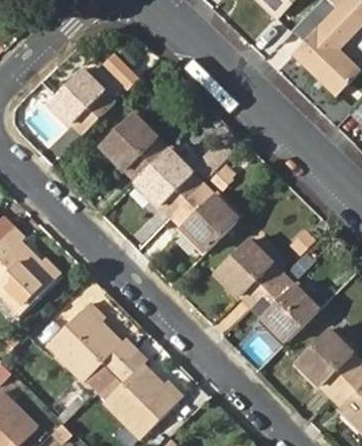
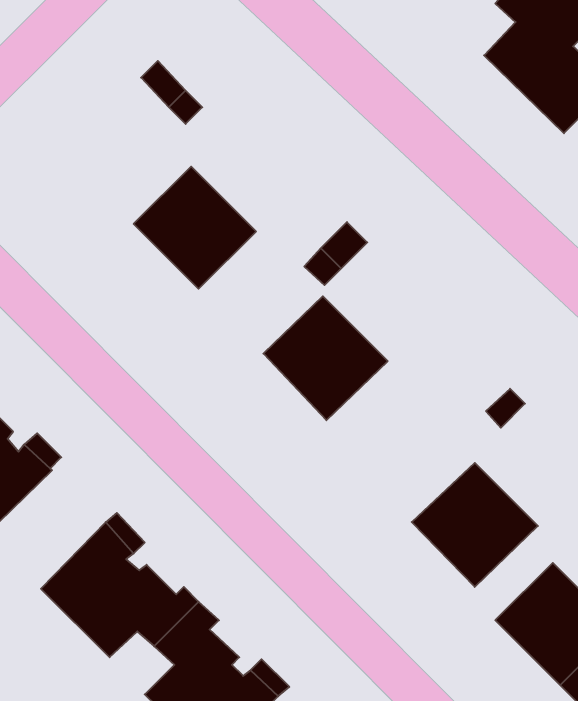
building: [48,68,116,136] -> none
building: [135,149,203,215] -> none
building: [217,239,285,307] -> none

